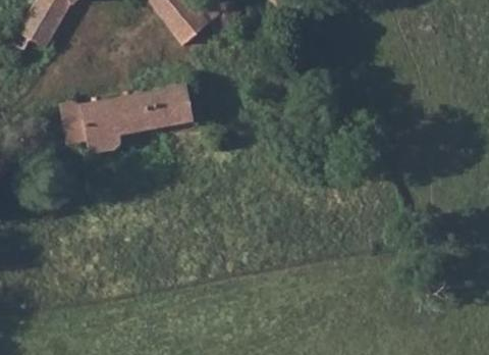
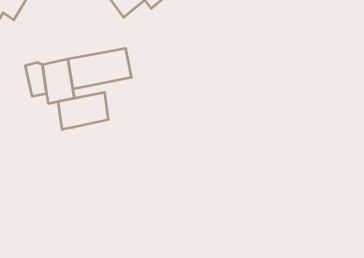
building: none -> [58,92,108,130]

